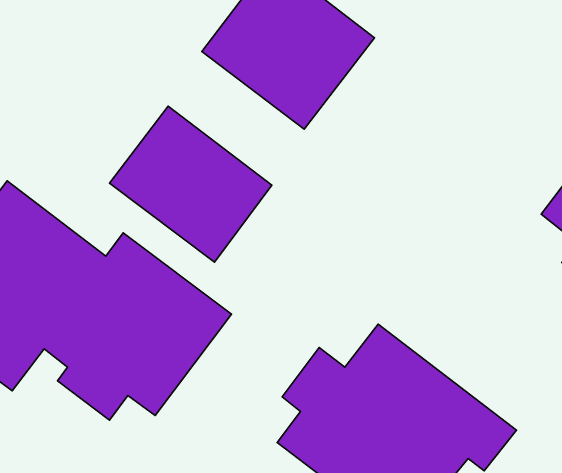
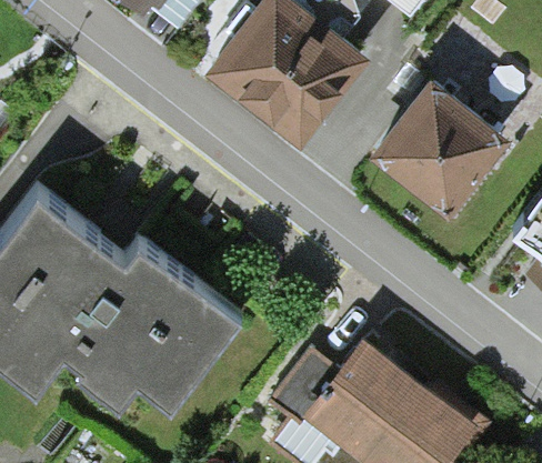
building: none -> [379,72,504,197]
building: [110,106,272,262] -> none

